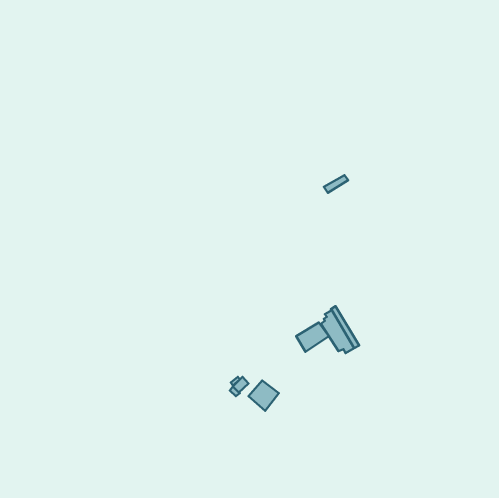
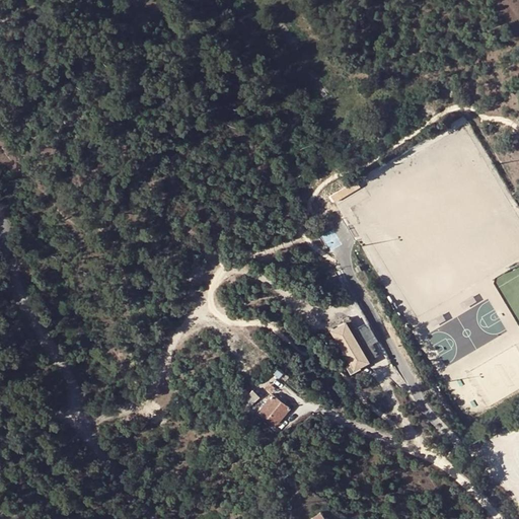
building: [296,323,329,352] -> none

